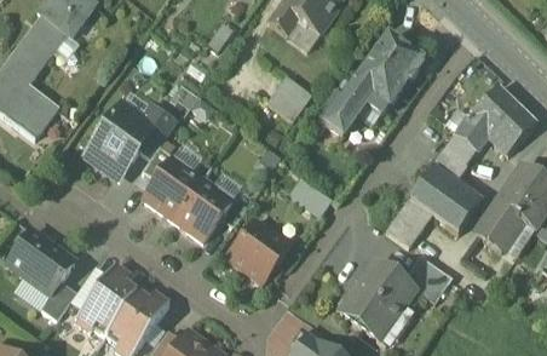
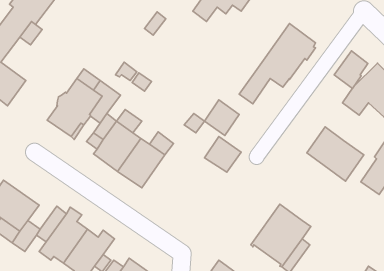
building: [284,11,328,47] -> none
building: [267,71,311,116] -> [204,100,239,136]
building: [433,133,476,180] -> [334,51,368,89]
building: [386,196,432,245] -> none
building: [229,222,289,282] -> none
building: [404,254,453,302] -> none

